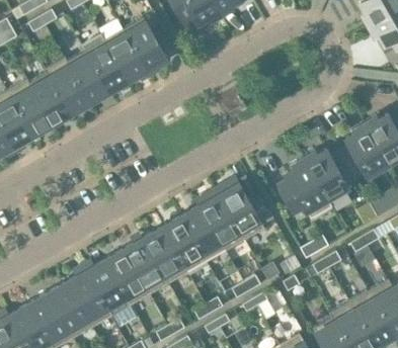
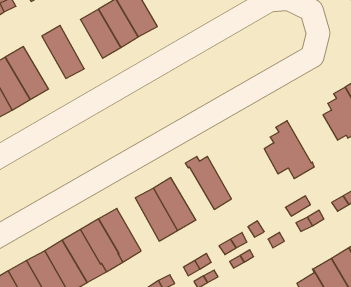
building: [64,52,108,103] -> none
building: [25,69,70,124] -> none
building: [303,151,355,202] -> none
building: [219,179,264,240] -> none
building: [180,206,226,262] -> none
building: [124,239,168,294] -> none

